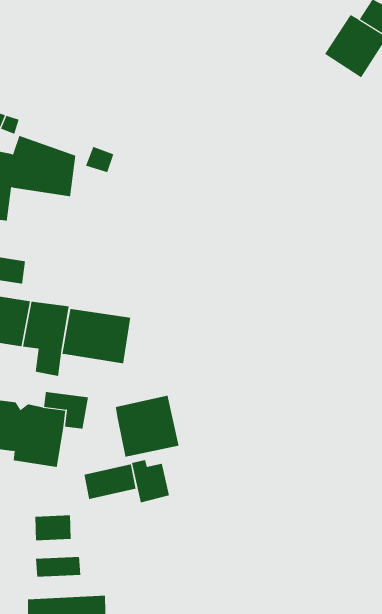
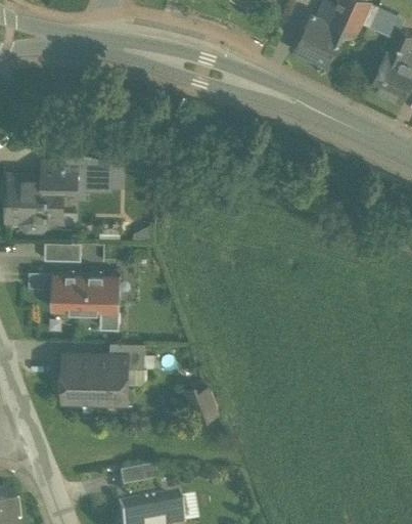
building: [62,308,131,364] -> none
building: [115,395,179,458] -> none
building: [84,464,136,500] -> none
building: [35,515,71,541] -> none

